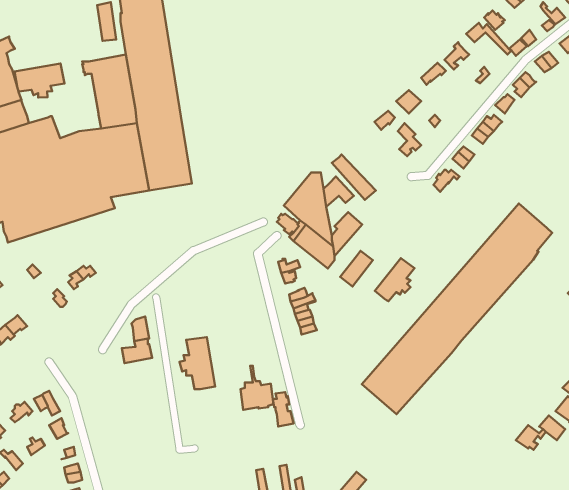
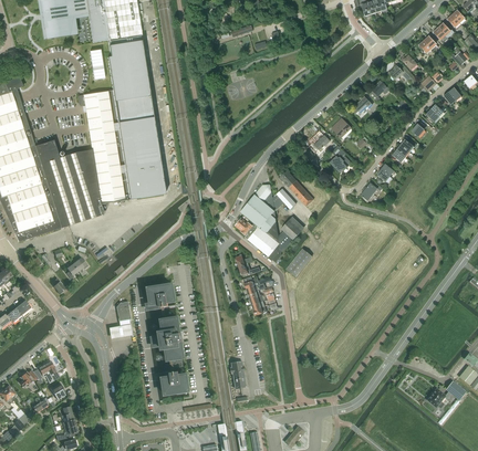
building: [15,63,65,98] -> none
building: [362,204,552,414] -> none
building: [375,258,414,301] -> none
building: none -> [148,283,176,307]
building: [241,366,274,410] -> [163,359,189,395]

